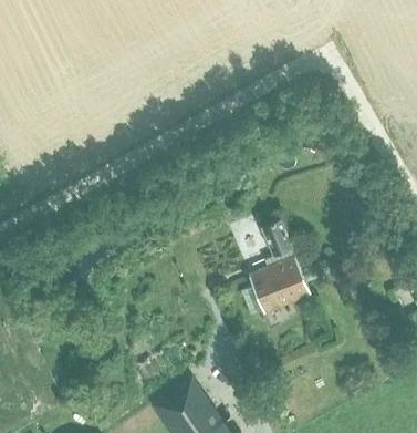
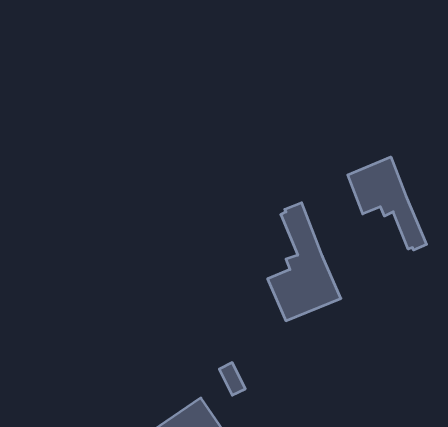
building: none -> [348,157,427,250]

